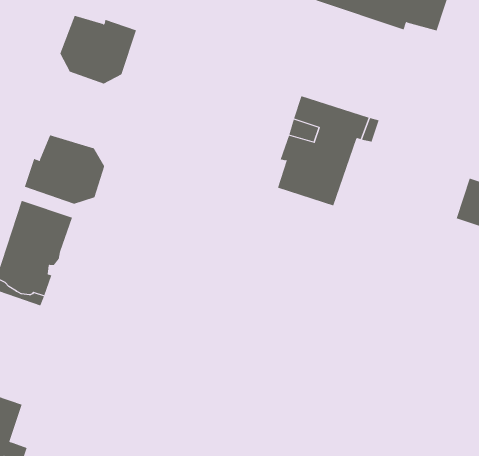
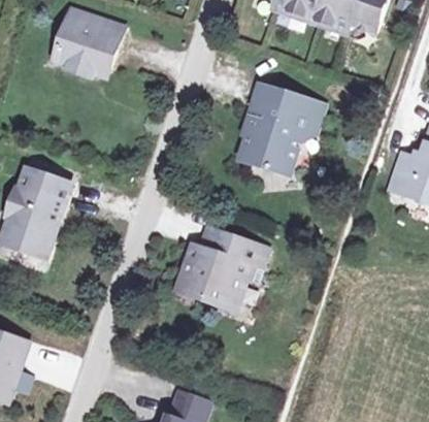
building: [24,134,105,205] -> none
building: none -> [177,230,268,311]

